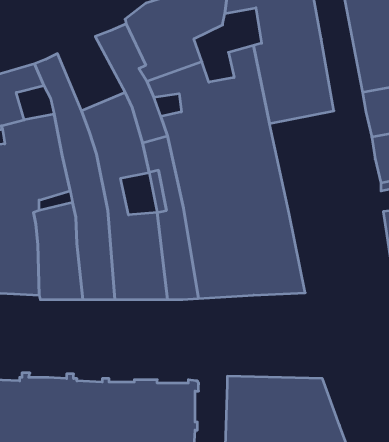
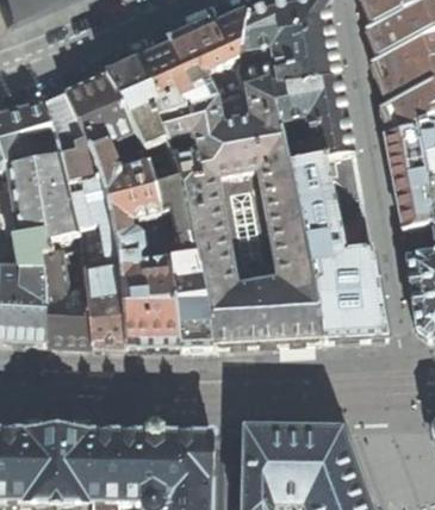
building: none -> [238,43,279,89]
building: none -> [67,73,137,150]
building: none -> [287,150,387,340]

